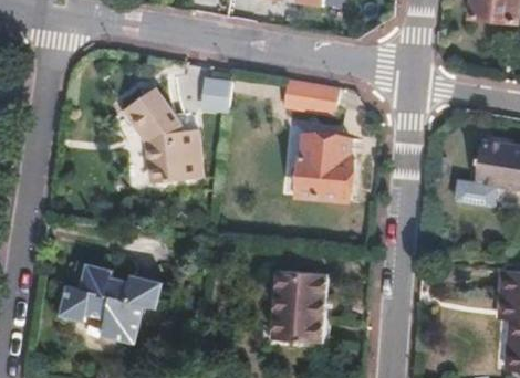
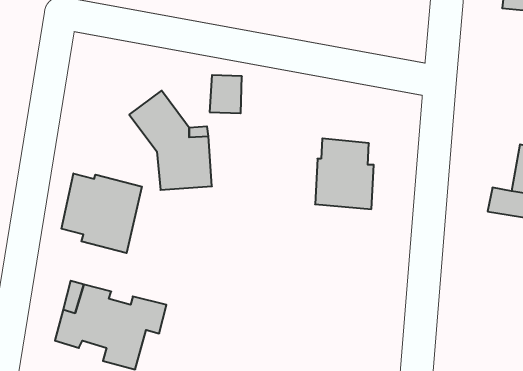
building: [280,76,344,118] -> none
building: none -> [61,173,142,253]
building: [273,270,327,345] -> none

